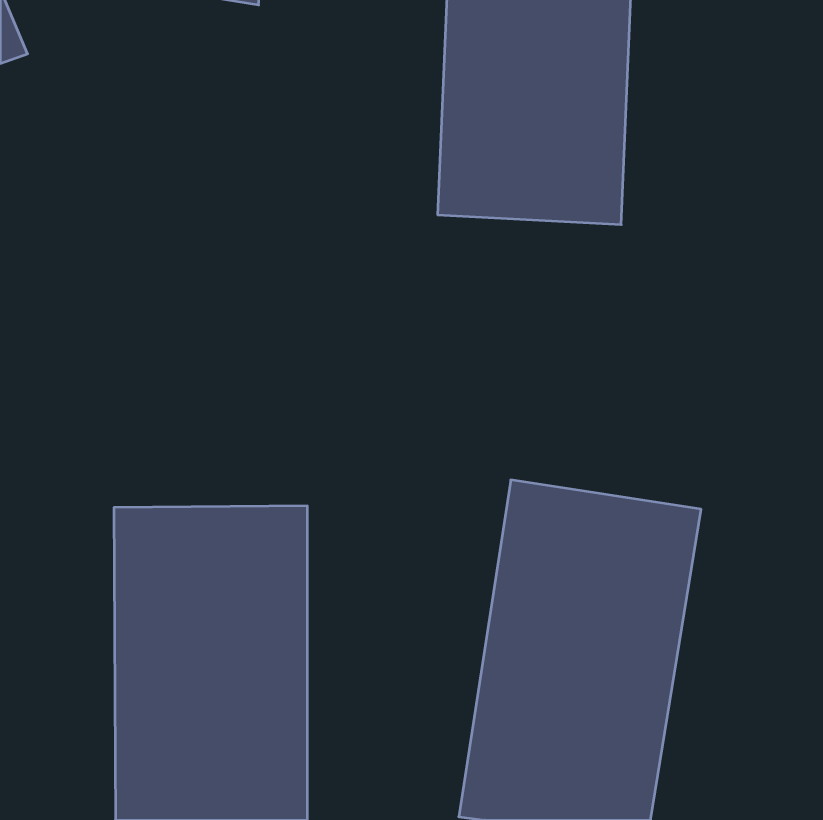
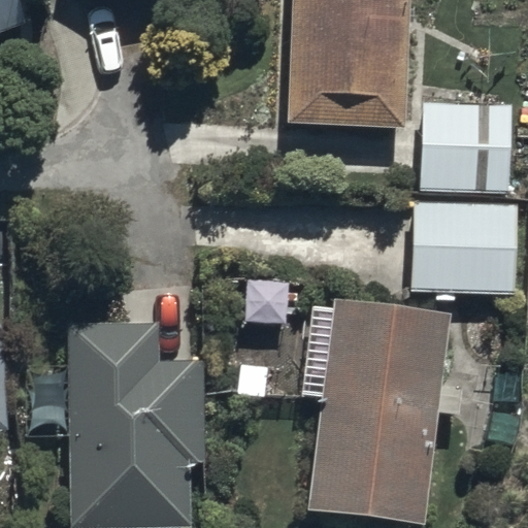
building: none -> [422,101,513,192]
building: none -> [415,199,517,299]

